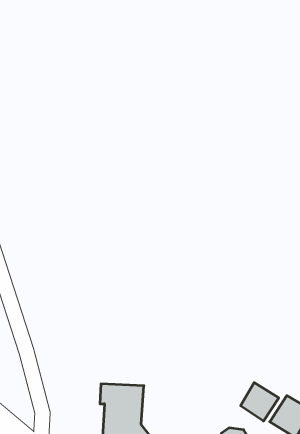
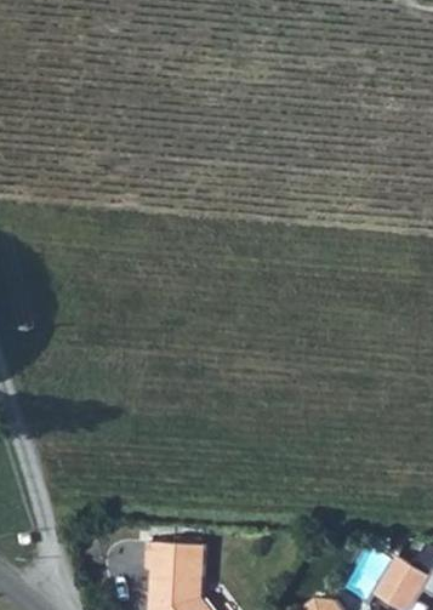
building: [241,383,279,421] -> none

